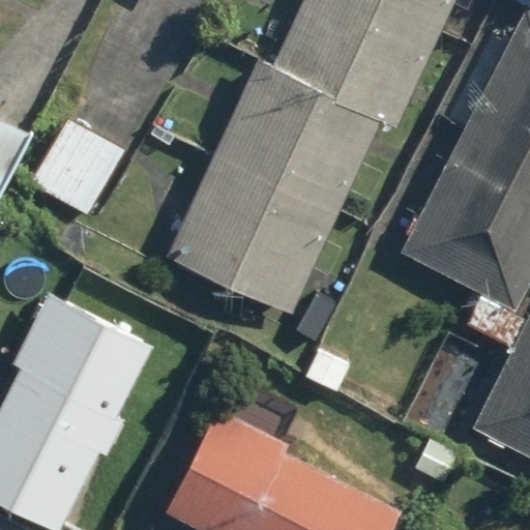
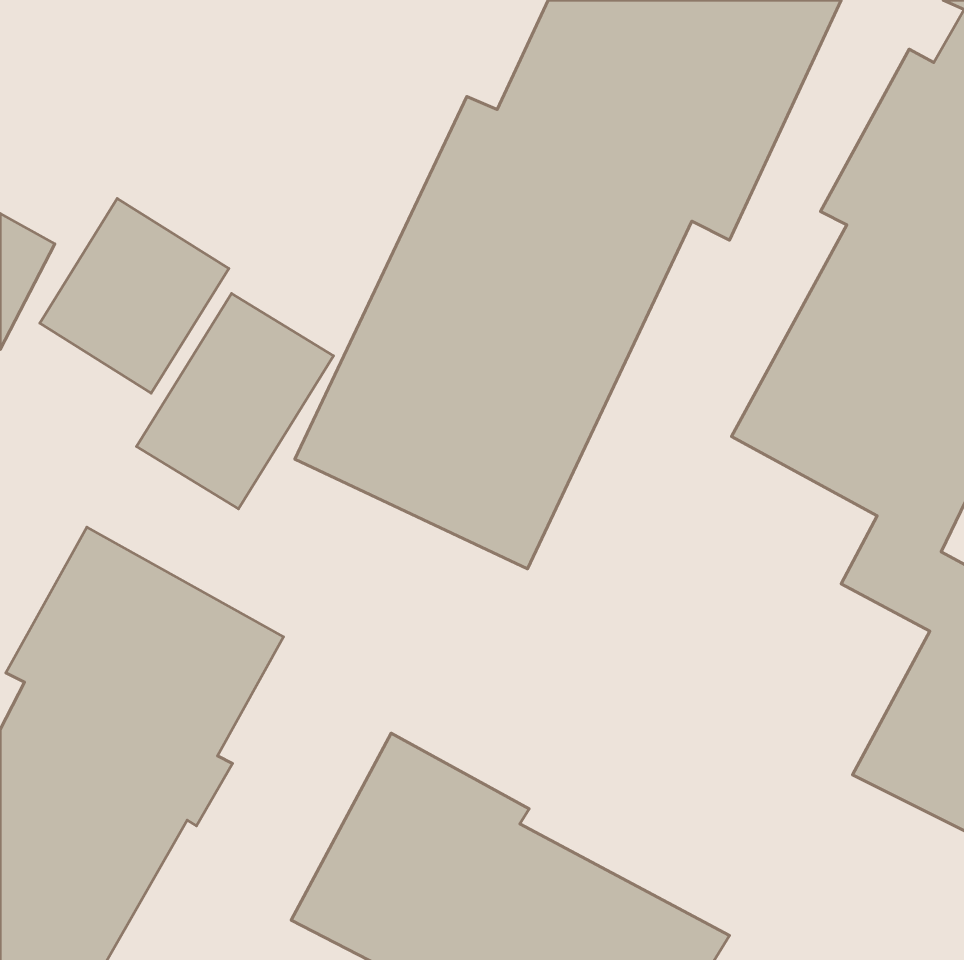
building: none -> [137,293,333,509]

